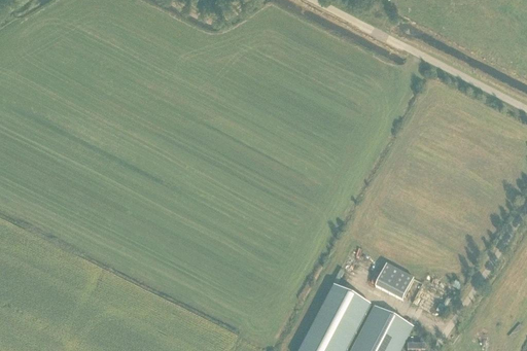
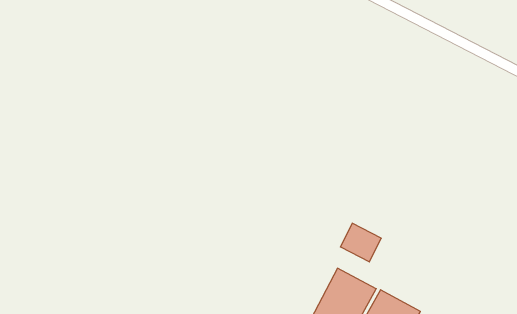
building: [374,266,413,303] -> [340,223,381,262]

